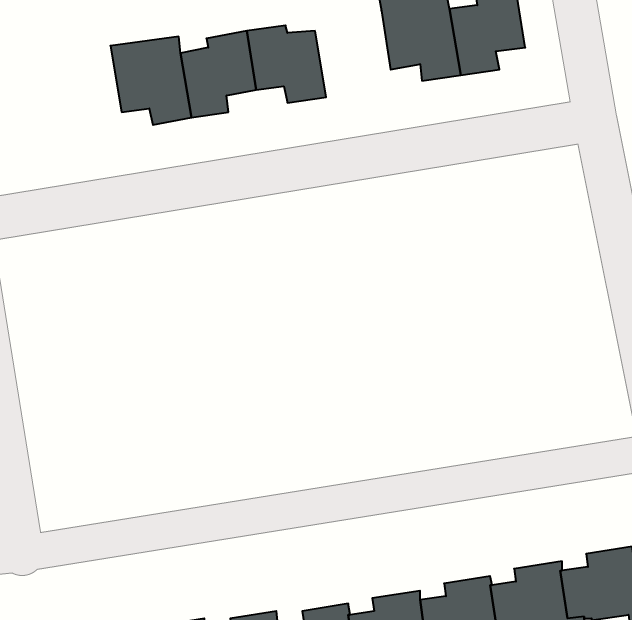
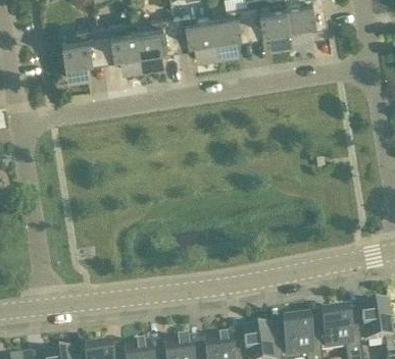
building: none -> [211,9,253,57]
building: none -> [61,29,104,81]

